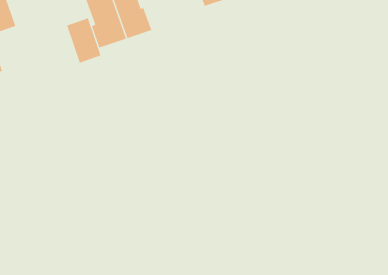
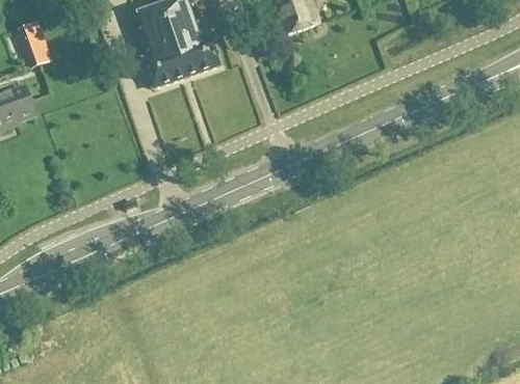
building: [66,17,101,64] -> none

